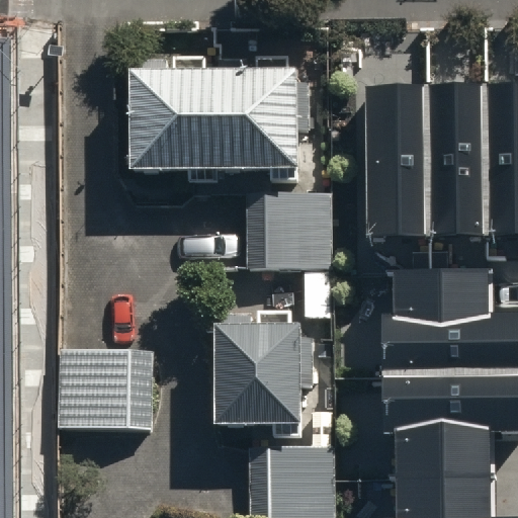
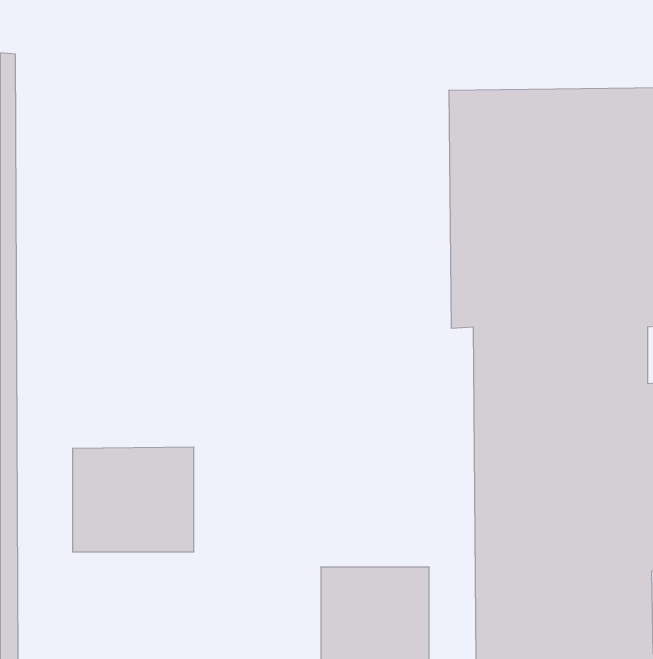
building: [127,68,299,170] -> none
building: [251,194,338,266] -> none
building: [218,322,300,421] -> none

